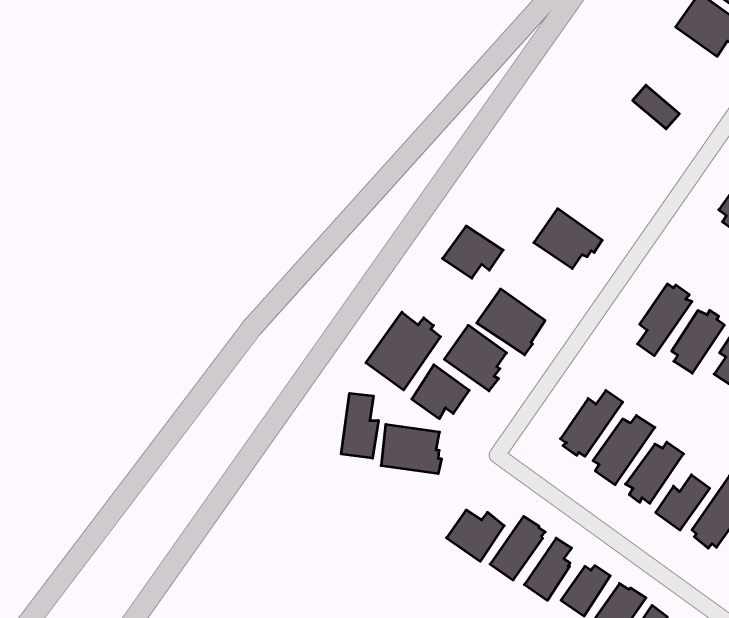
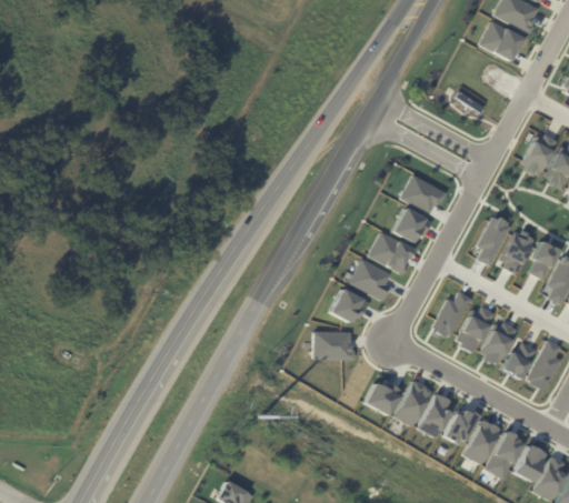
building: [442,226,503,278] -> [391,208,431,242]
building: [366,312,441,390] -> none
building: [341,393,378,458] -> none

